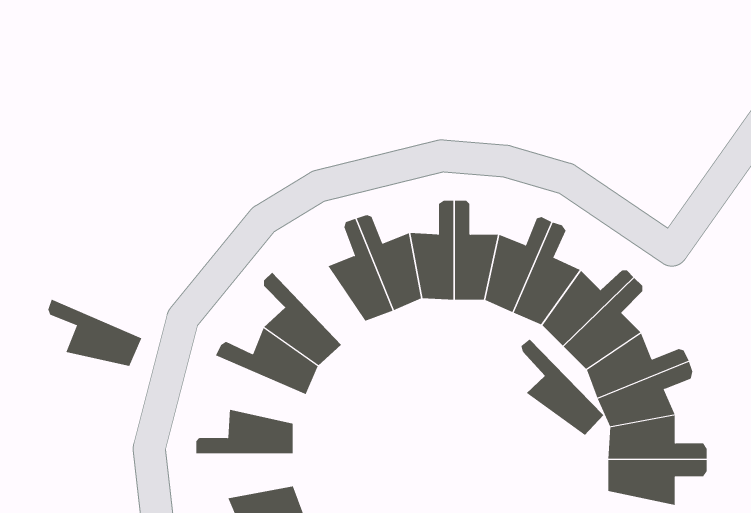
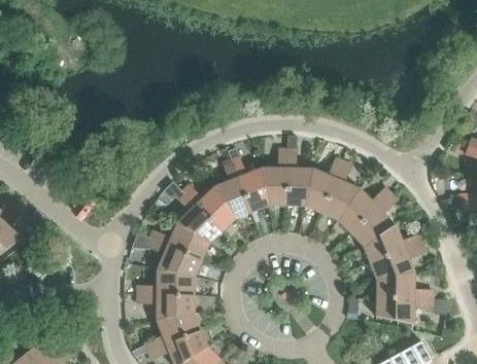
building: none -> [181,185,235,231]
building: [48,299,142,367] -> [146,238,201,277]
building: [521,339,604,436] -> none
building: none -> [136,294,194,320]

